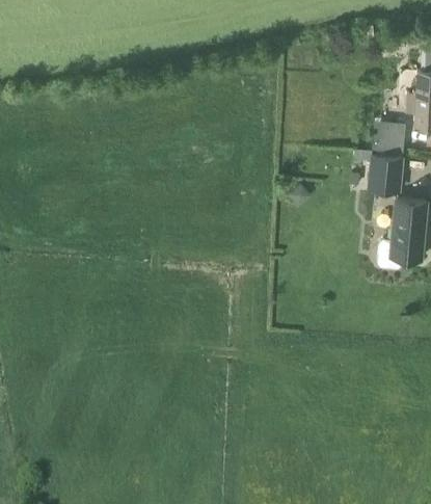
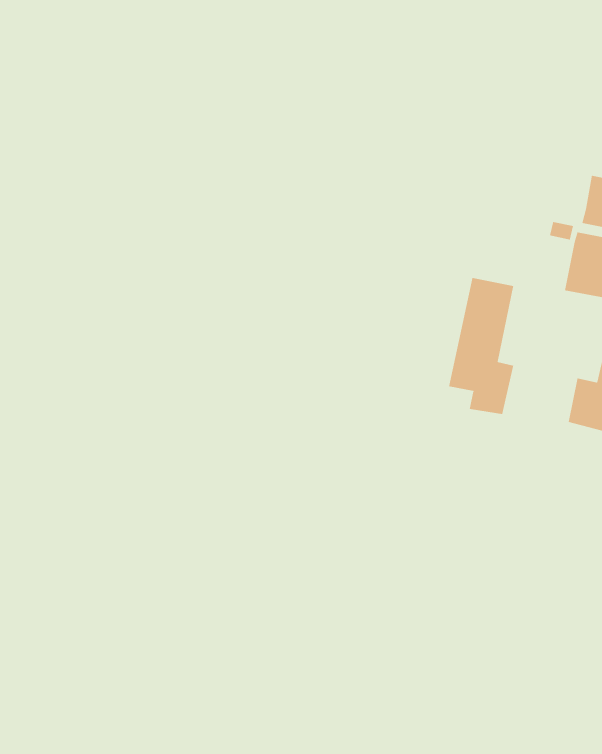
building: none -> [448,277,514,415]

